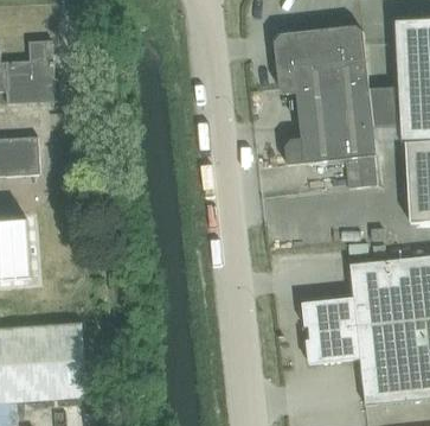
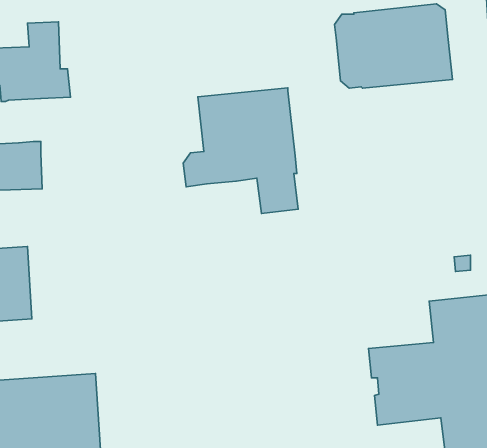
building: [285,87,378,187] -> [183,88,298,214]

